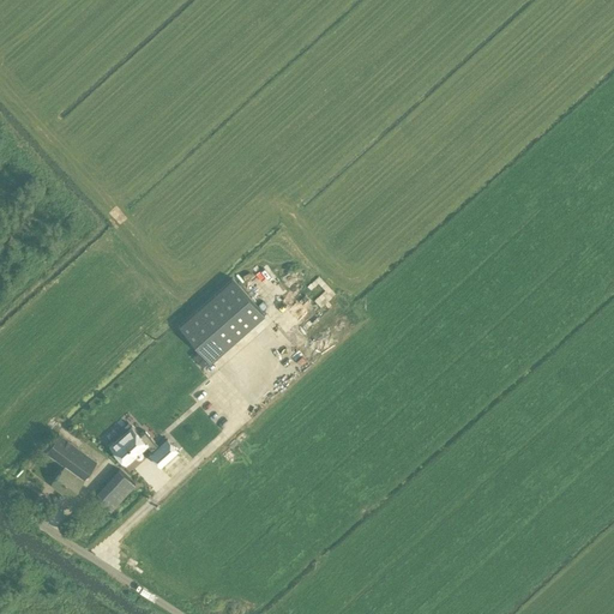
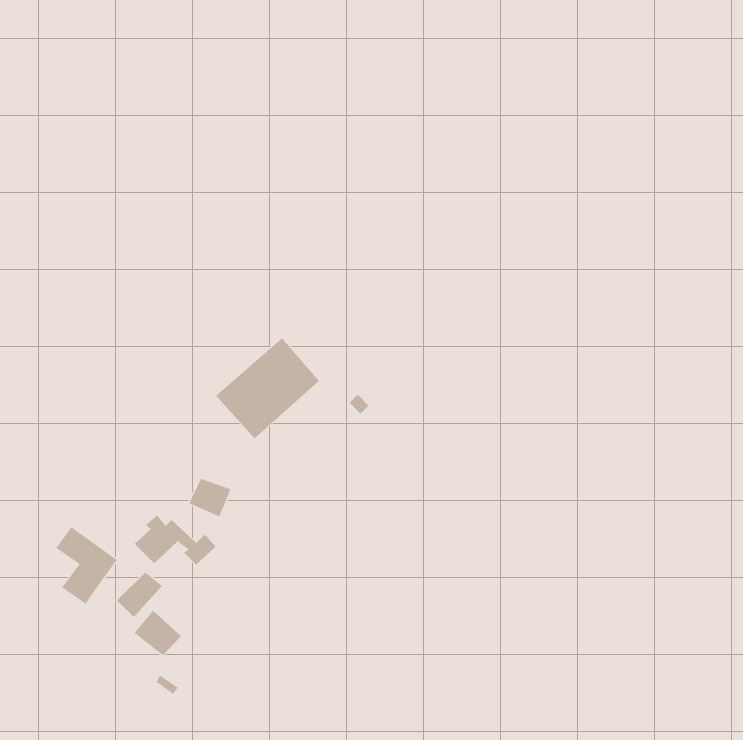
building: none -> [188,478,231,517]
building: none -> [134,610,182,656]

